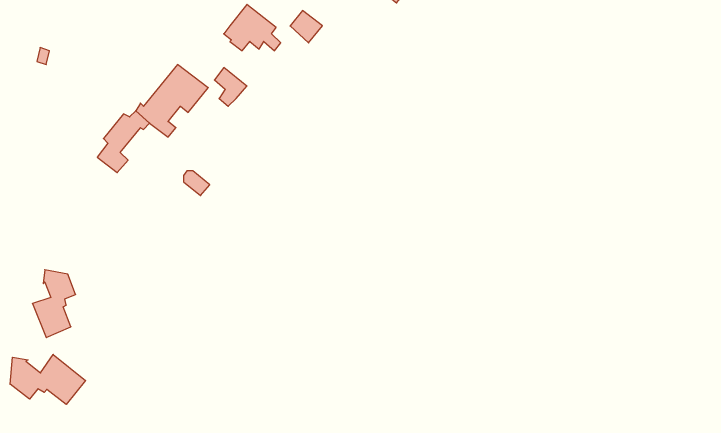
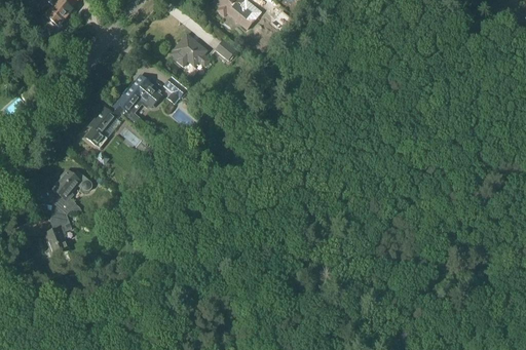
building: none -> [51,168,81,213]
building: [10,354,86,404] -> none

